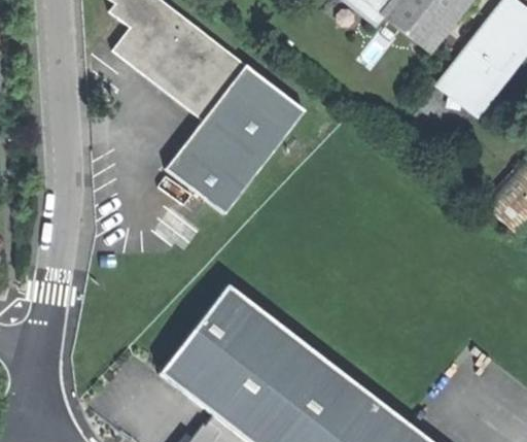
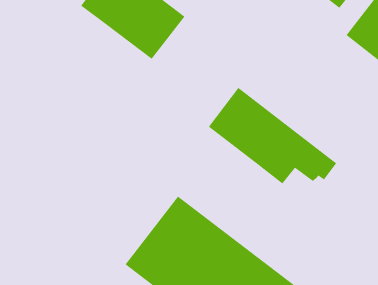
building: [163,63,301,210] -> none
building: none -> [208,87,337,184]

